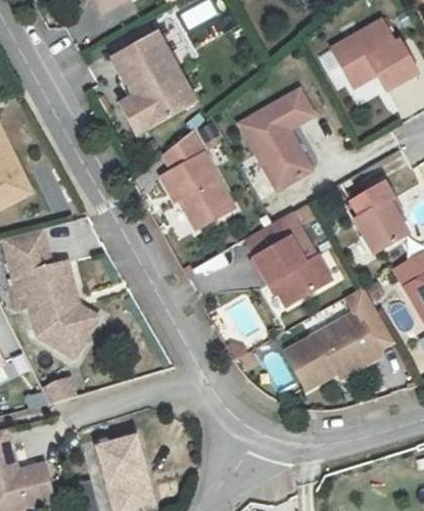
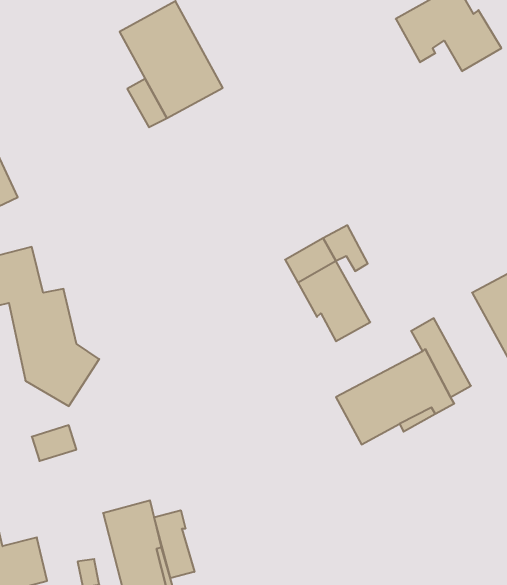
building: [239,90,316,190] -> none
building: [164,130,239,229] -> none
building: [346,183,410,252] -> none
building: [285,237,334,290] -> none
building: none -> [154,510,194,578]

